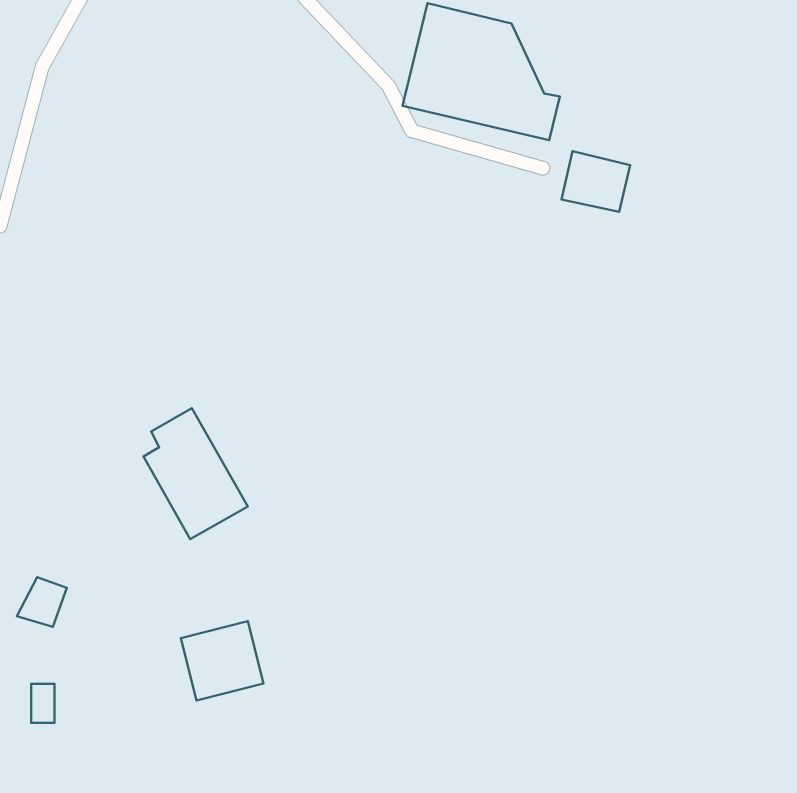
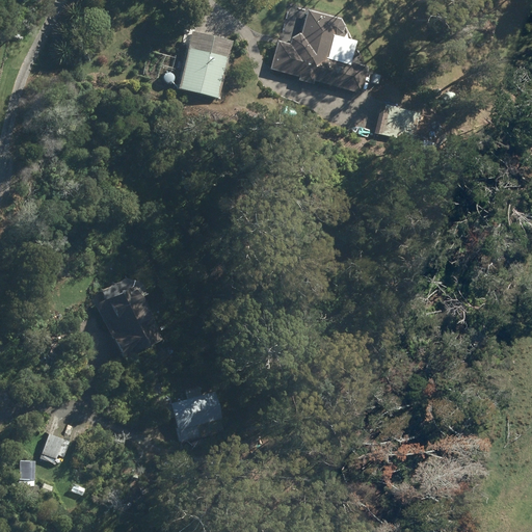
building: none -> [176,27,233,100]
building: [17,577,67,627] -> [36,432,70,466]
building: [181,621,264,701] -> [170,390,225,443]

